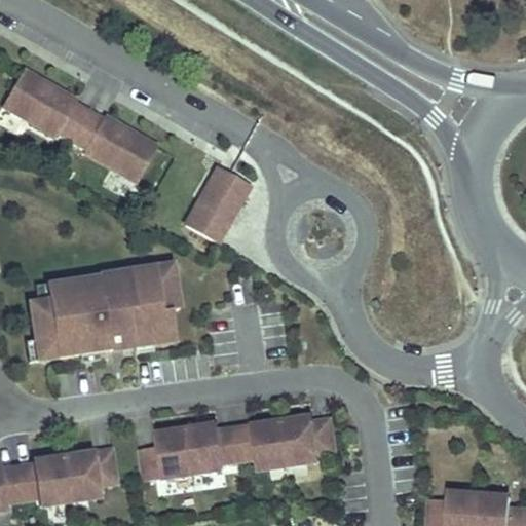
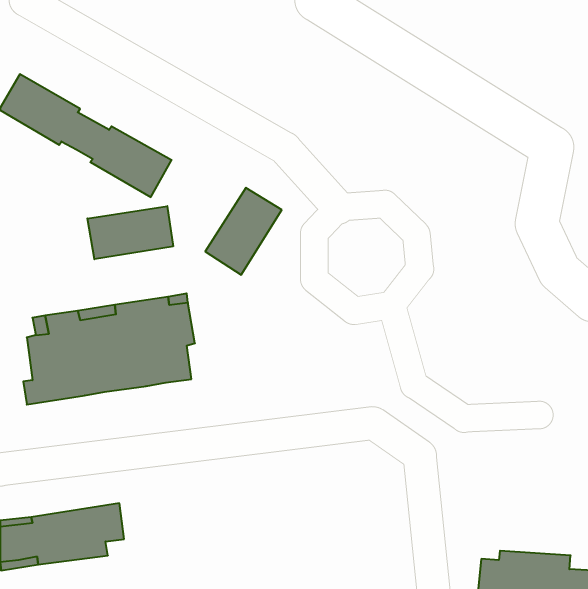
building: none -> [87,206,173,259]
building: [141,414,334,479] -> none

